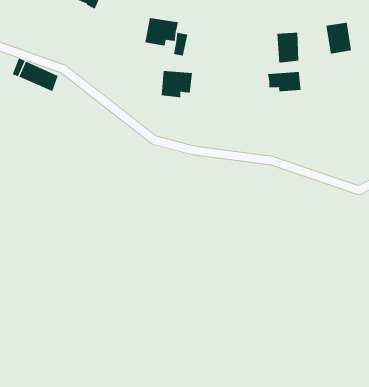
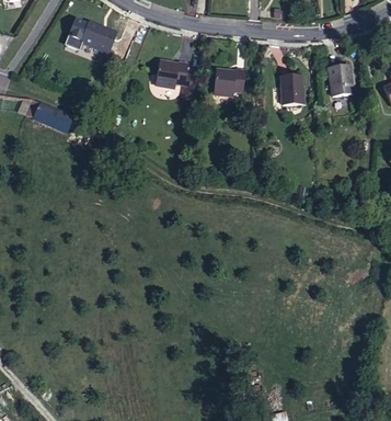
building: [161,70,193,98] -> [214,69,244,95]
building: [268,71,301,92] -> none

